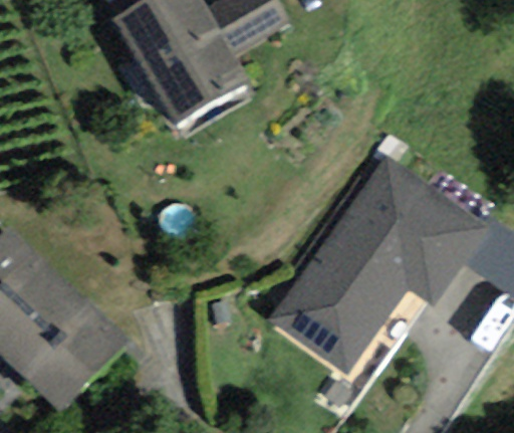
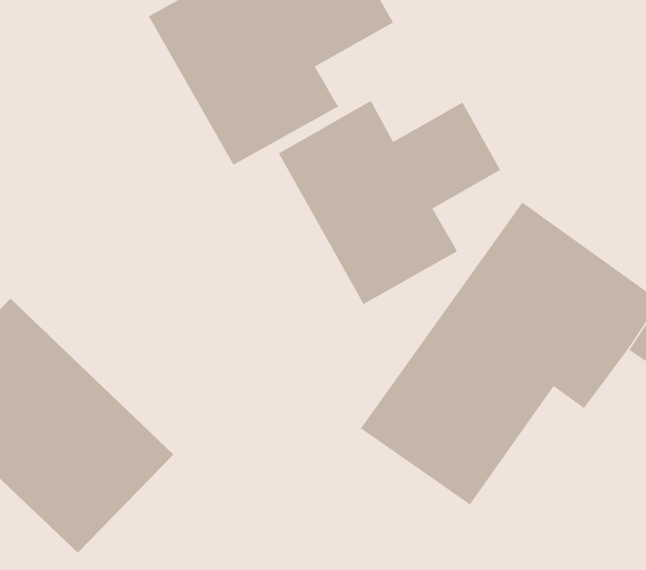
building: none -> [278,100,501,305]

